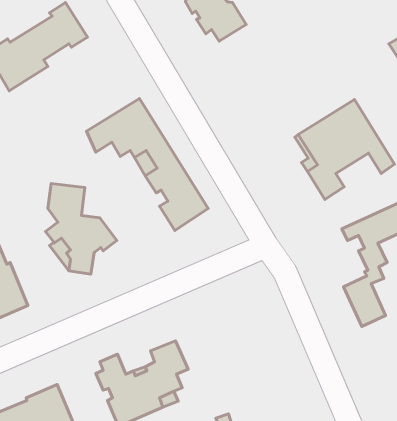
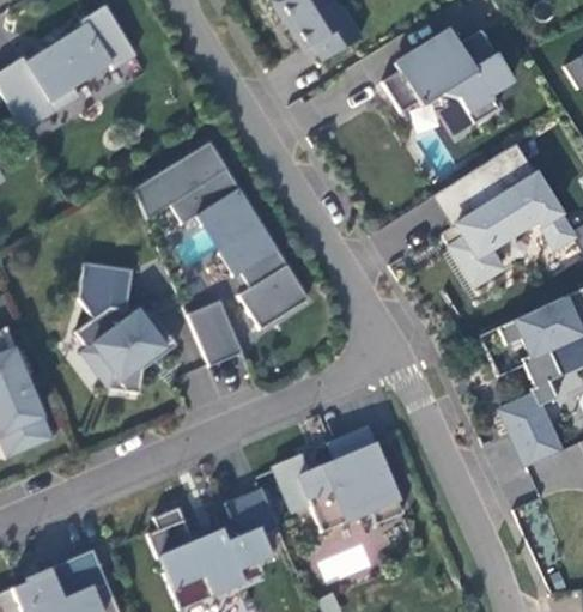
building: none -> [383,28,514,123]
building: none -> [188,299,243,365]
building: none -> [274,425,403,531]

